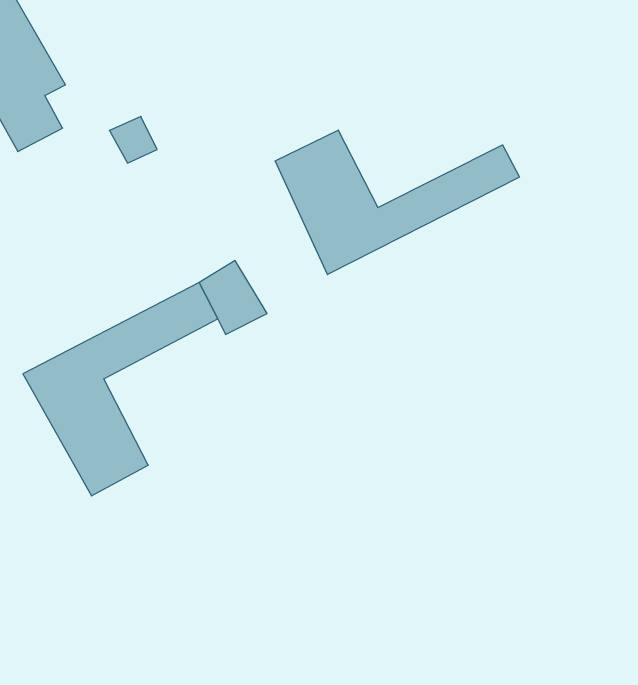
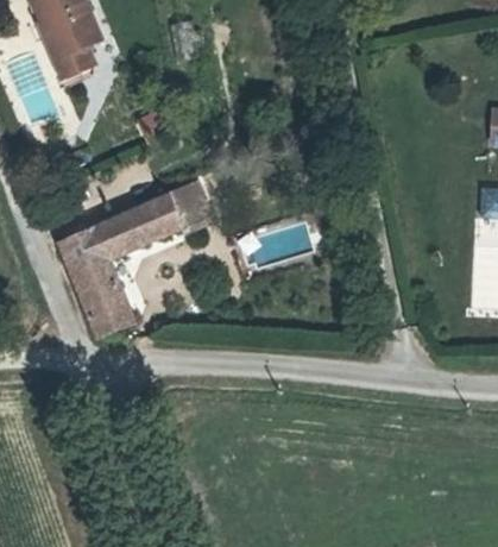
building: [275,130,519,275] -> none

